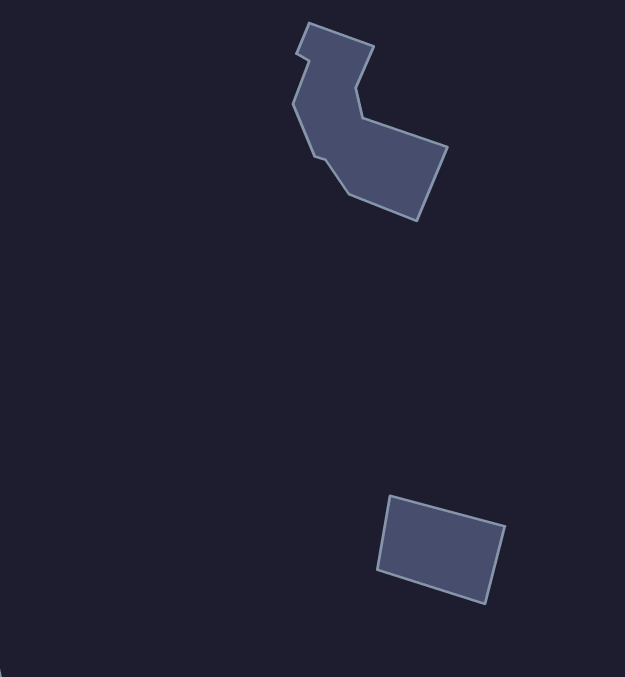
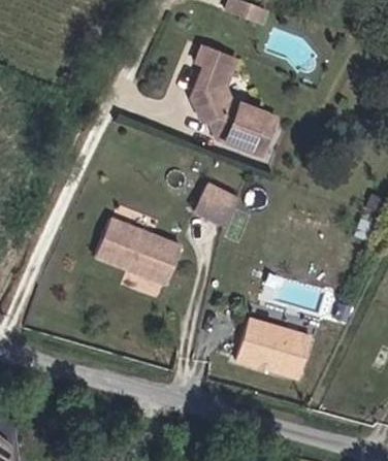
building: none -> [191,183,240,229]
building: none -> [93,218,181,286]

